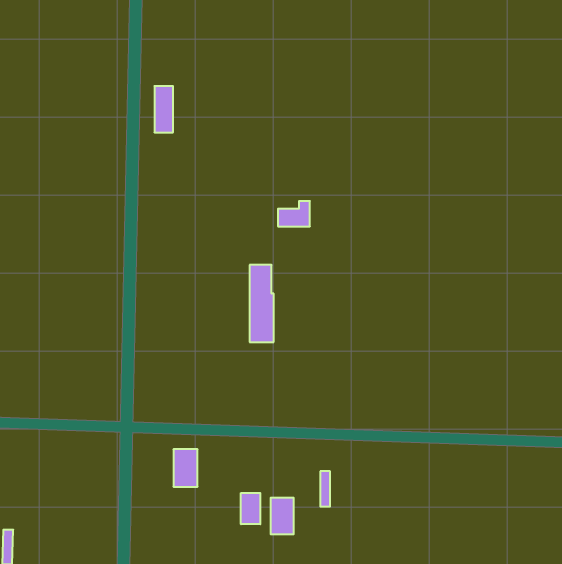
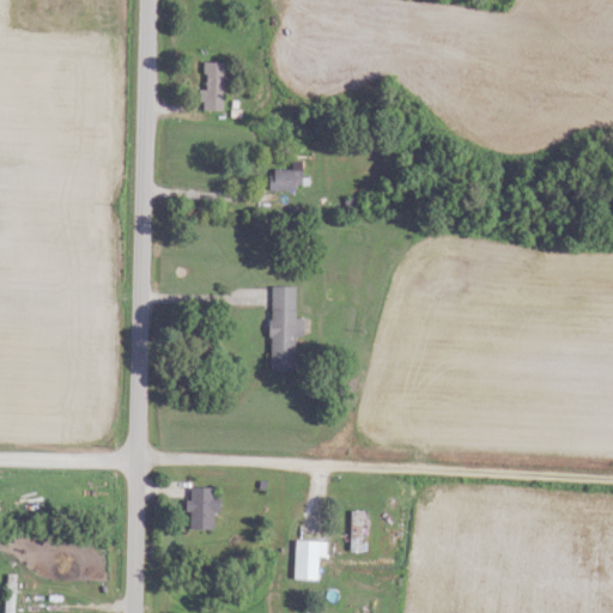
building: [154,86,173,132] -> [204,61,224,111]
building: [278,201,310,226] -> [271,160,305,188]
building: [241,493,260,524] -> none

